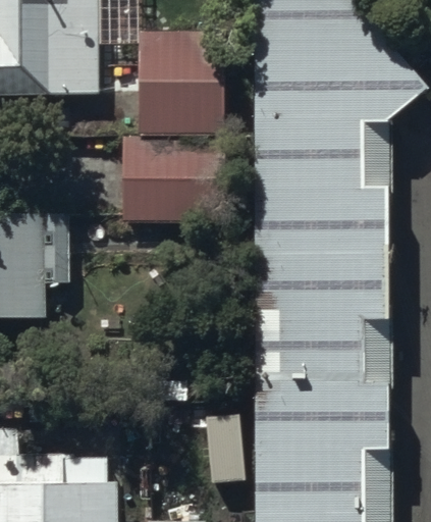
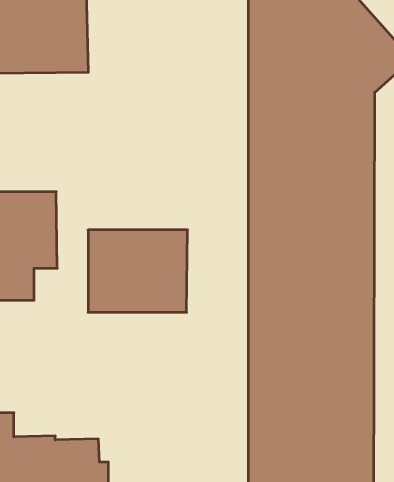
building: [138,35,222,136] -> none
building: [121,143,222,226] -> [88,230,188,312]

